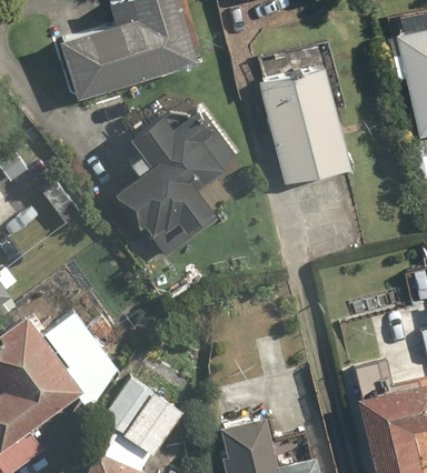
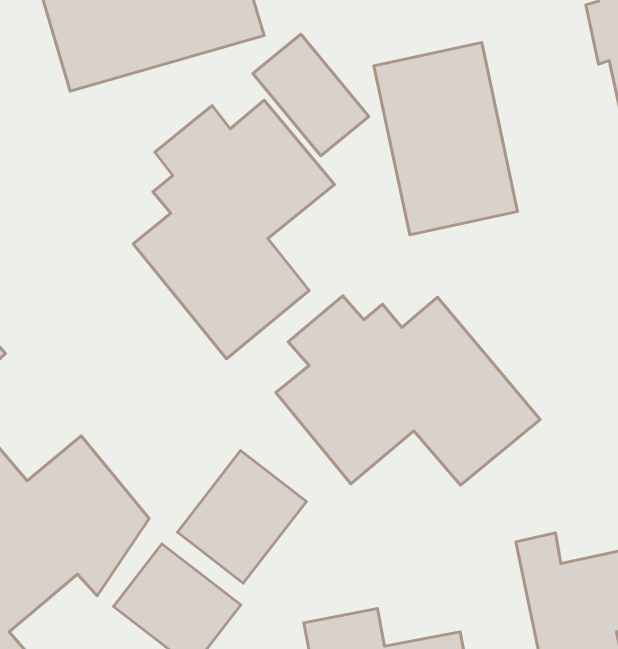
building: none -> [253,34,369,156]
building: none -> [276,296,540,485]
building: none -> [177,450,306,583]

